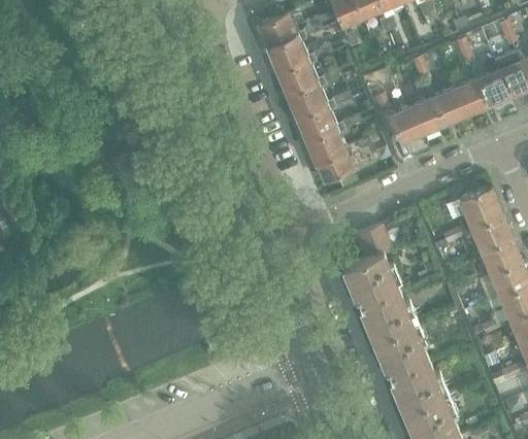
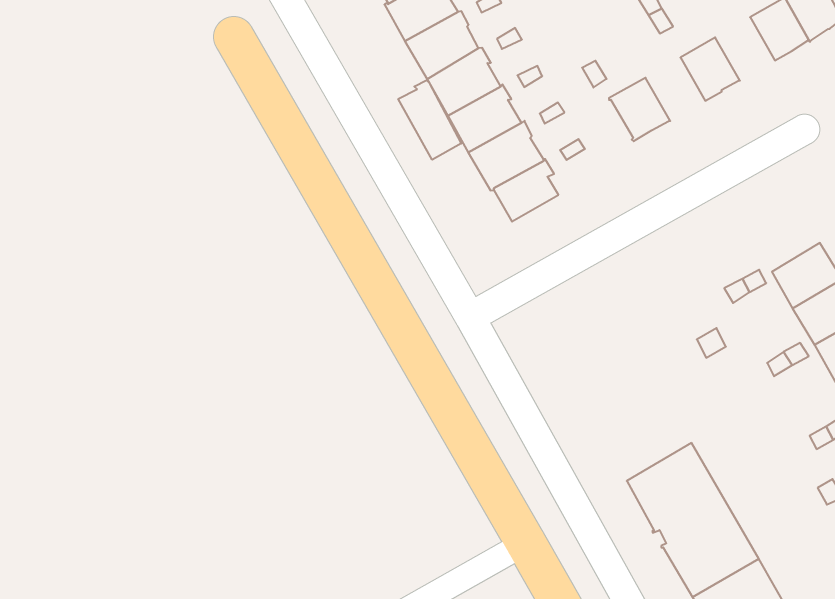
building: [455,80,488,116] -> none
building: none -> [398,80,461,160]
building: [411,99,444,135] -> none
building: [459,188,501,230] -> none
building: [341,225,412,341] -> none

